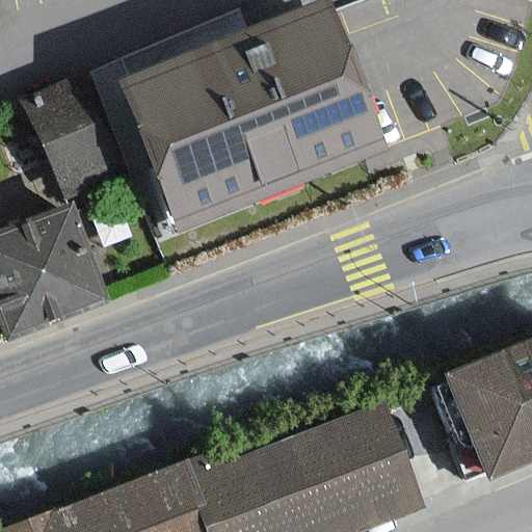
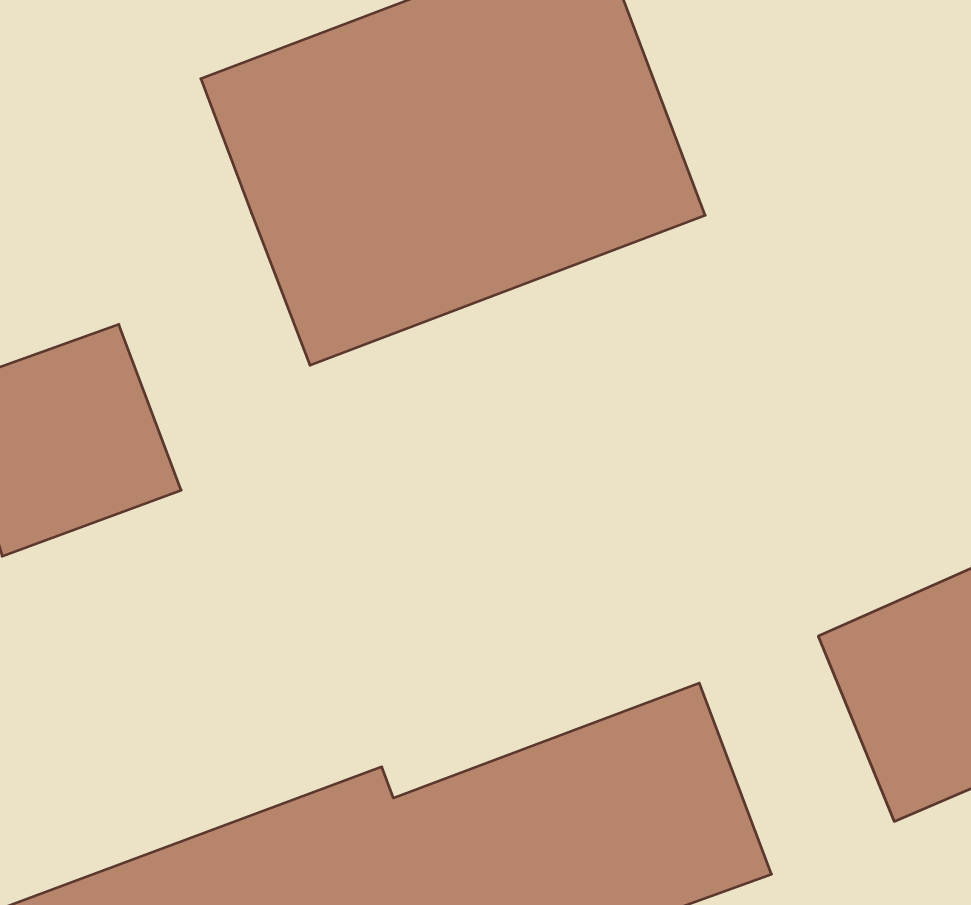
building: [25,80,117,197] -> none

